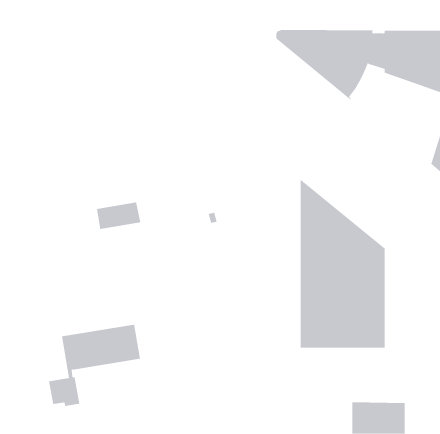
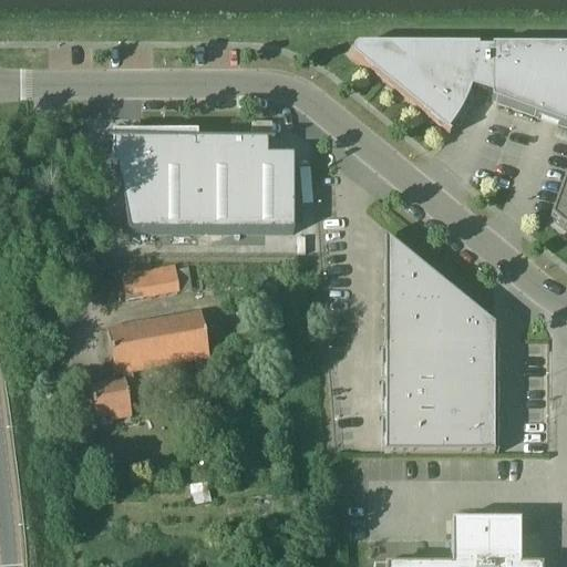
building: none -> [118,127,296,225]
building: [48,324,141,406] -> [93,310,212,415]

